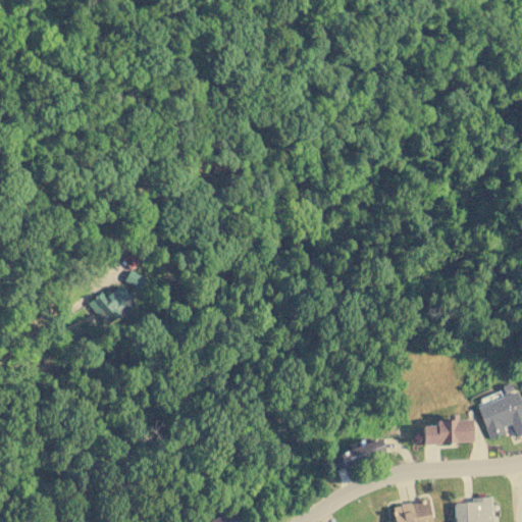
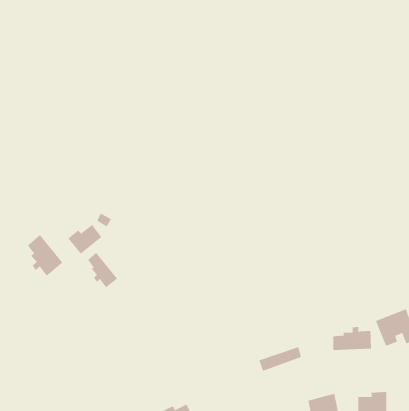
building: none -> [27,234,63,276]
building: none -> [87,252,118,288]

